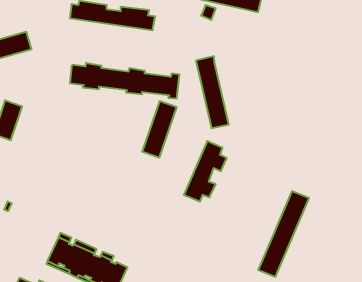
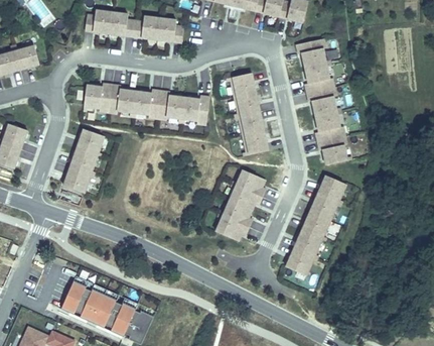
building: none -> [297,37,349,165]
building: [142,101,177,157] -> [63,127,104,193]
building: [258,191,309,277] -> [288,177,347,276]

